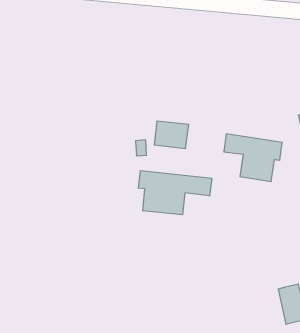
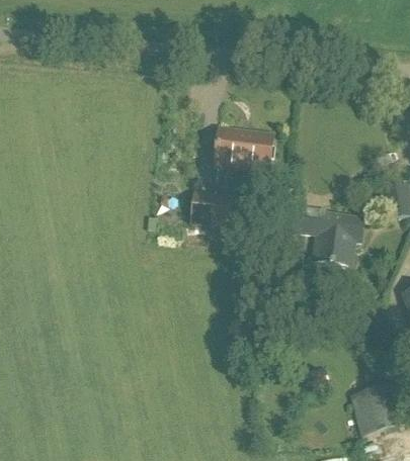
building: none -> [214,125,272,168]
building: [138,171,212,215] -> none

